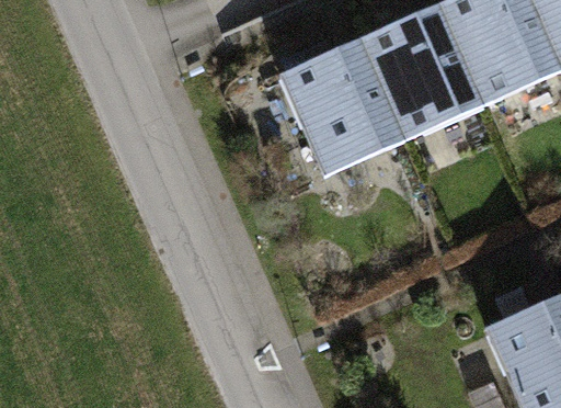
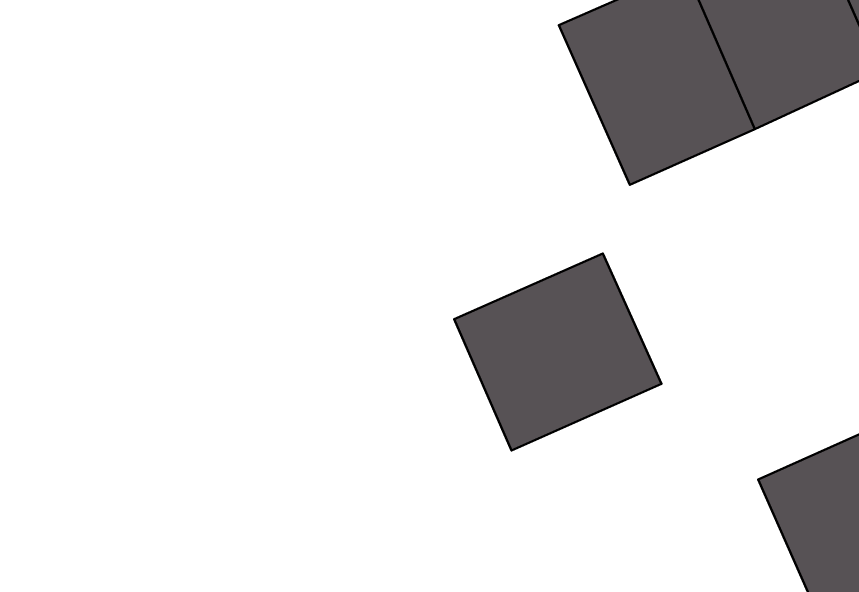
building: [280,38,405,174] -> none
building: none -> [454,254,662,451]

